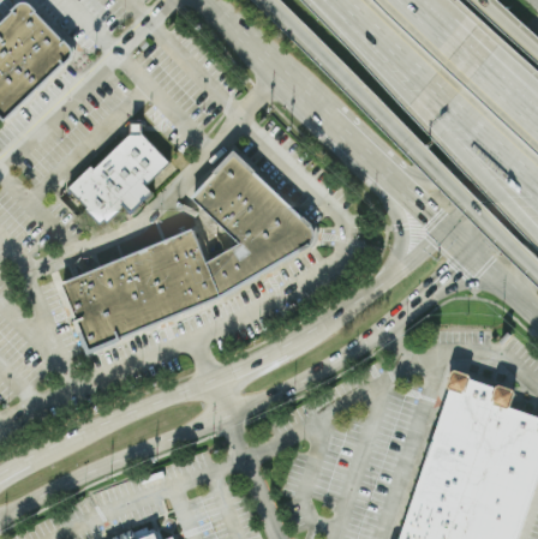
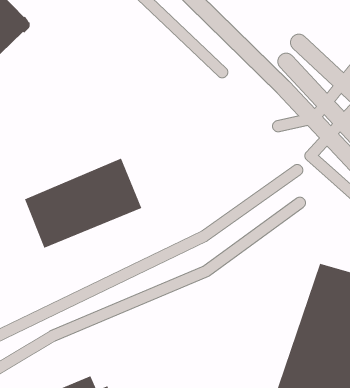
building: [67,126,172,222] -> none
building: [190,151,312,297] -> none

